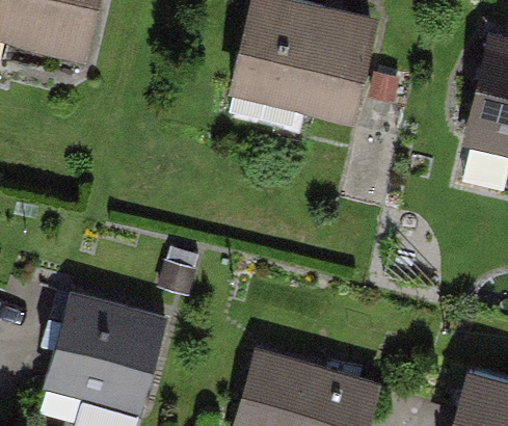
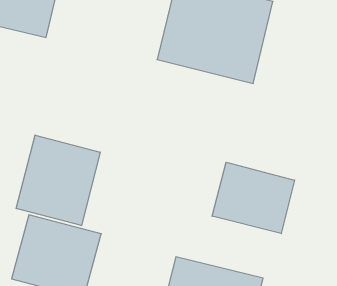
building: none -> [16,135,100,226]
building: none -> [212,162,295,234]

